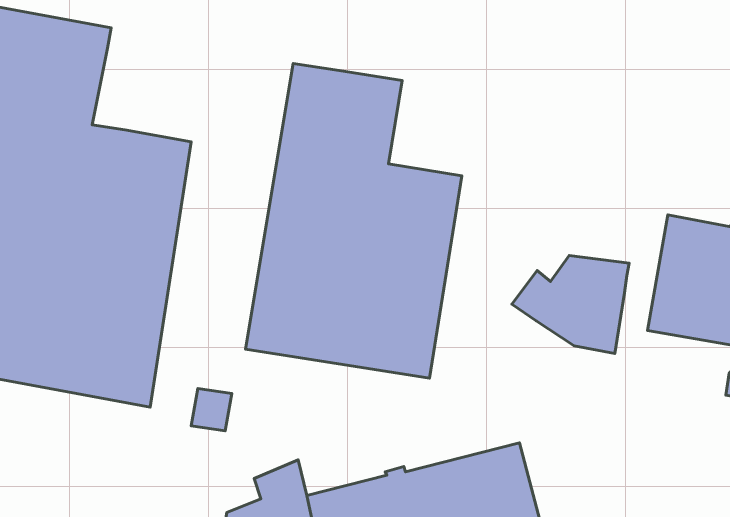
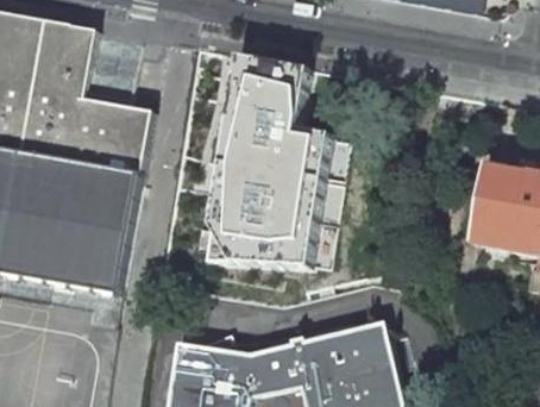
building: [512,255,629,354] -> none

